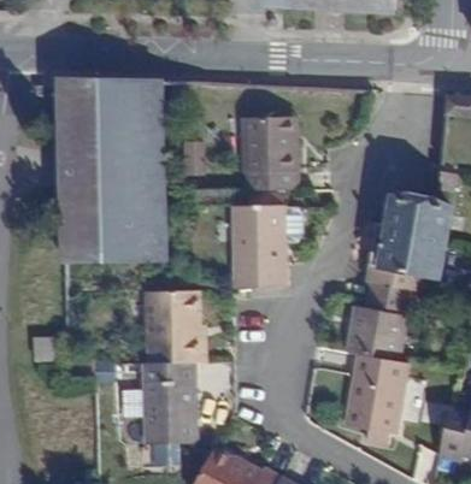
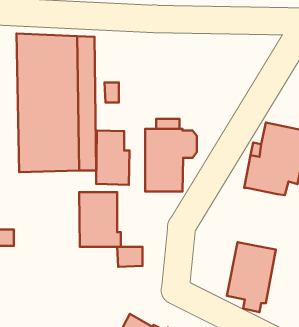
building: [243,113,288,185] -> [96,130,130,185]
building: [345,283,410,362] -> none
building: [140,361,193,441] -> none

